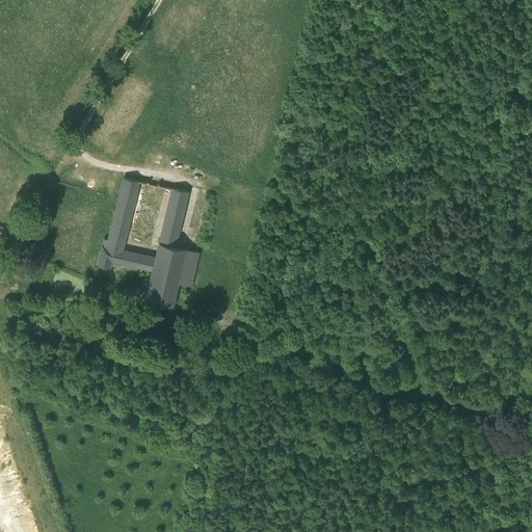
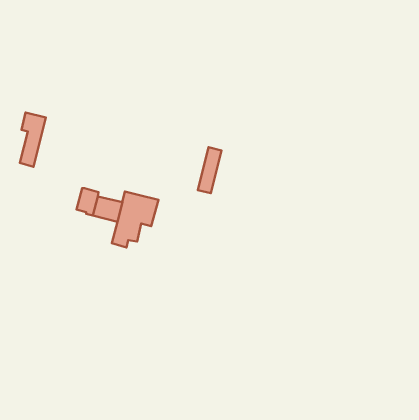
building: [108,175,141,243] -> [20,113,46,167]
building: [159,188,189,246] -> [198,147,222,193]

